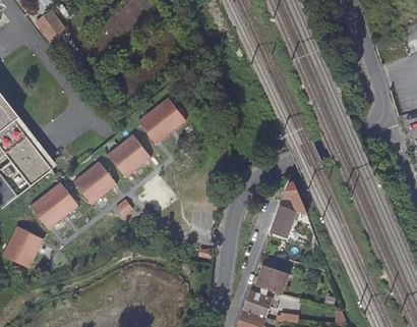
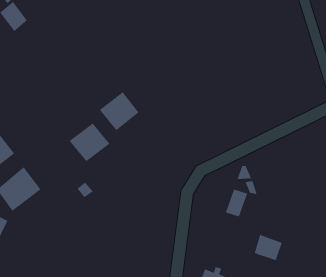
building: [74,162,117,205] -> none
building: [257,264,288,292] -> [254,234,283,261]

